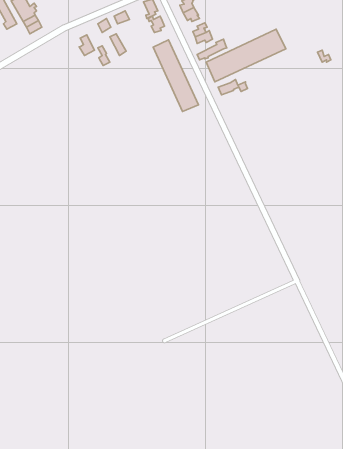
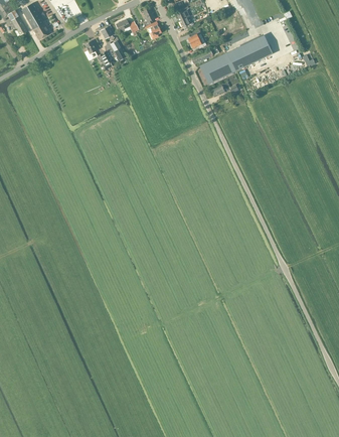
building: [153,40,198,111] -> none

